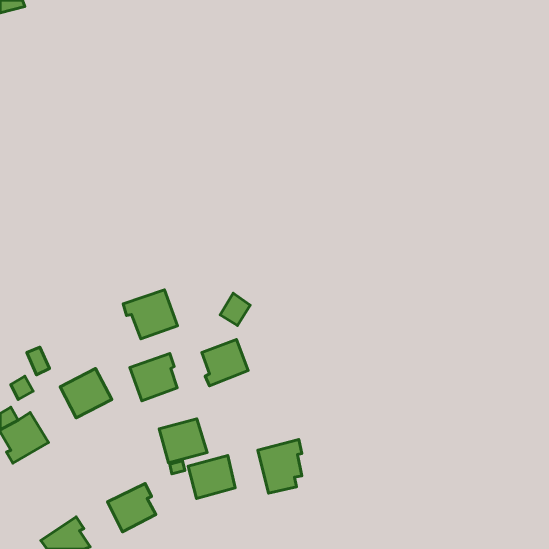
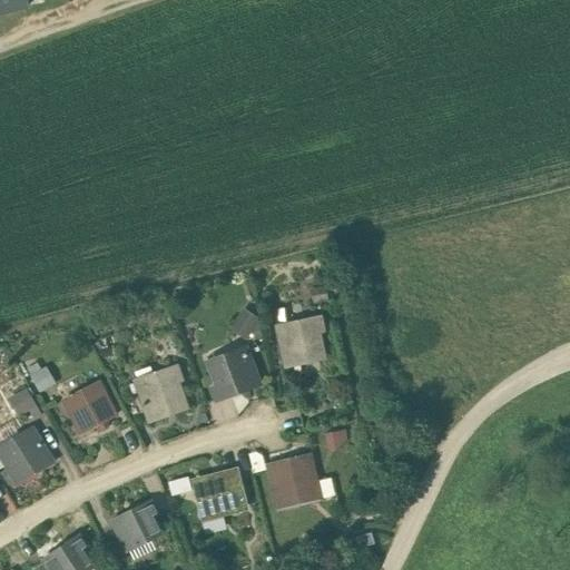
building: [123,290,177,339] -> none
building: none -> [276,316,323,362]
building: [159,419,207,463] -> none

